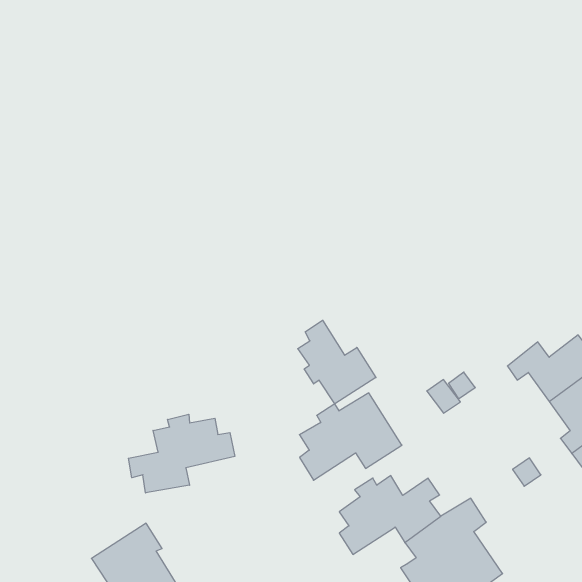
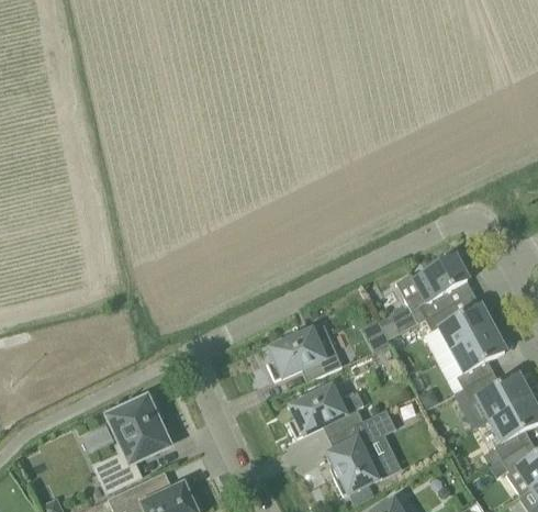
building: none -> [404,252,467,322]
building: [298,320,376,404] -> none
building: [128,414,235,493] -> none

